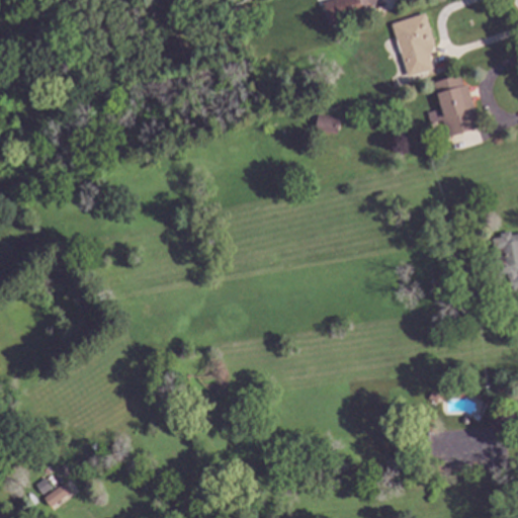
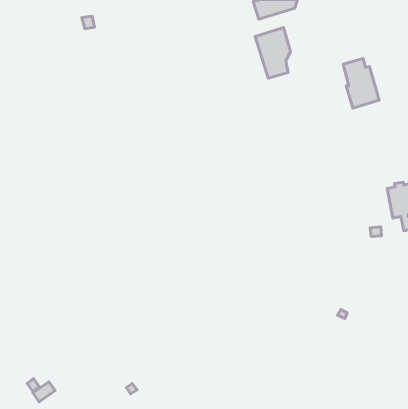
building: [392,12,436,76] -> [255,28,291,78]
building: [315,112,340,134] -> none

